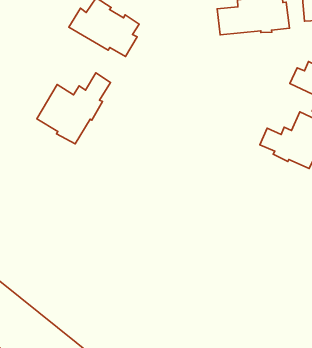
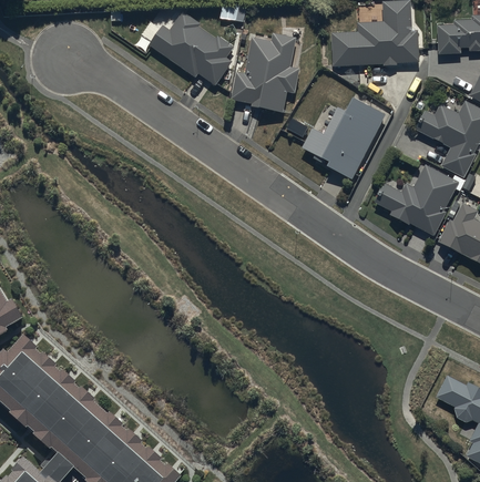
building: none -> [229,34,297,113]
building: none -> [300,101,384,182]
building: [37,73,111,144] -> none

